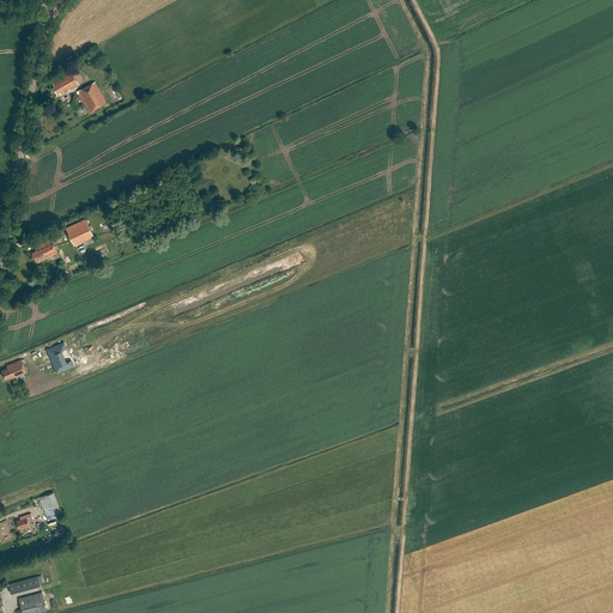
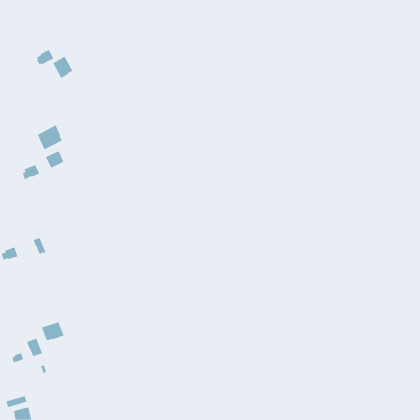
building: none -> [37,125,62,150]
building: none -> [41,321,64,341]

